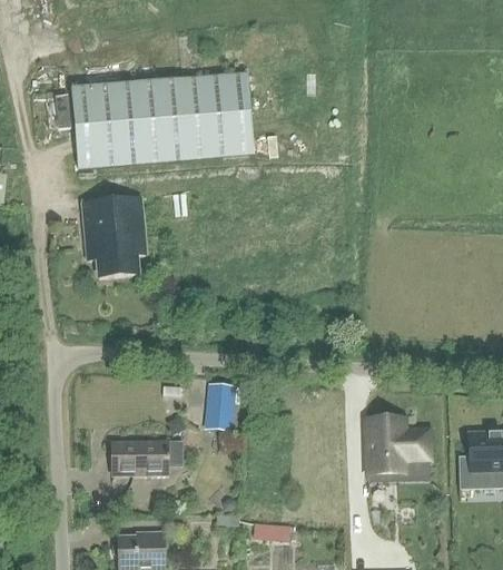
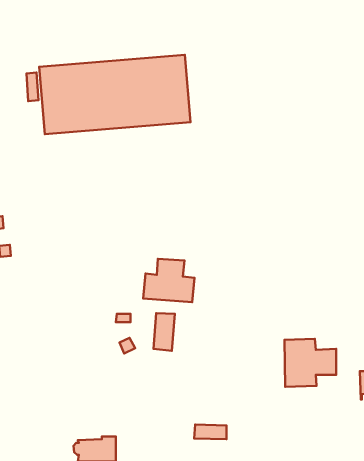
building: [85,197,146,278] -> none
building: none -> [143,259,194,302]
building: [112,441,170,475] -> none

